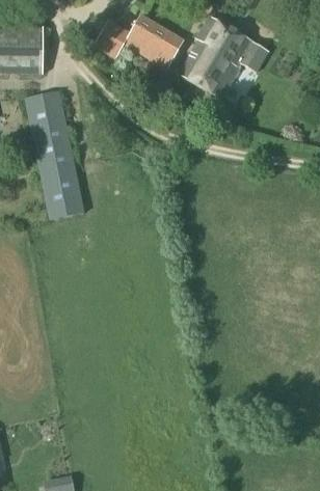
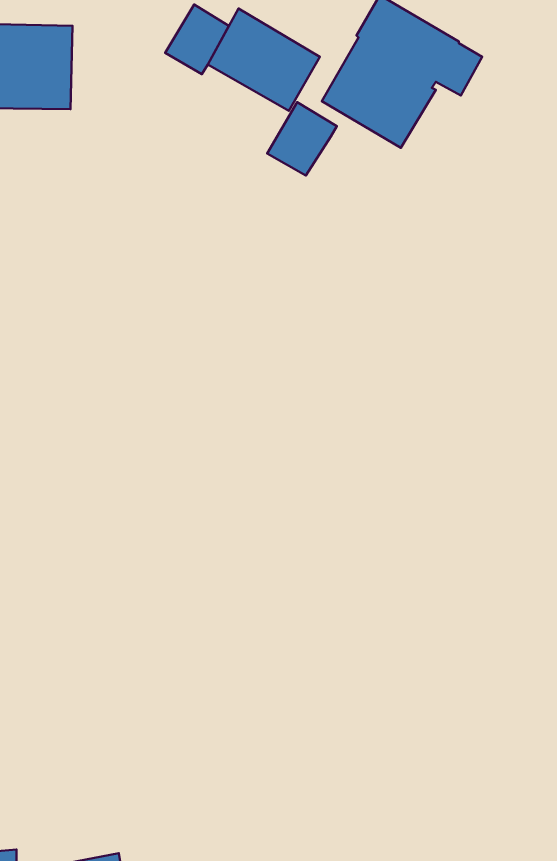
building: none -> [267,102,337,176]
building: [24,87,84,217] -> none

